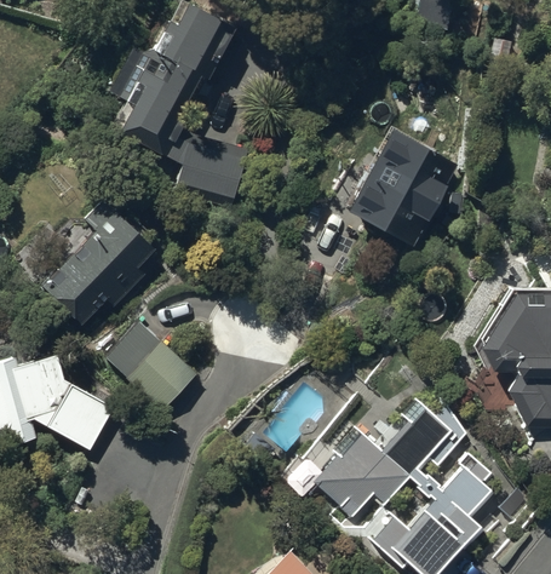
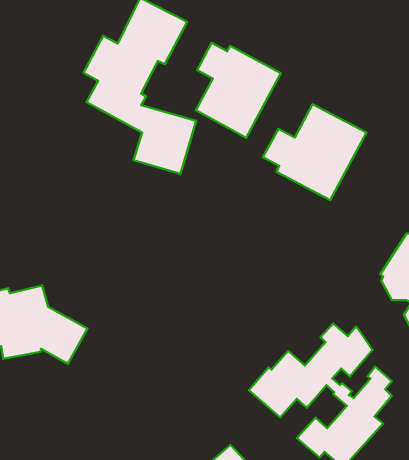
building: none -> [196,43,281,138]
building: [35,196,157,325] -> none
building: [124,340,196,412] -> none

